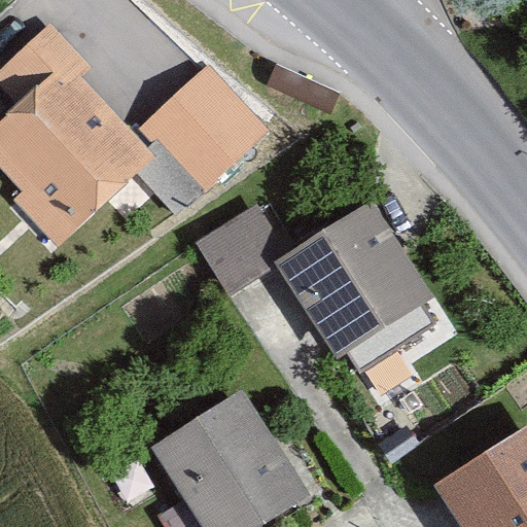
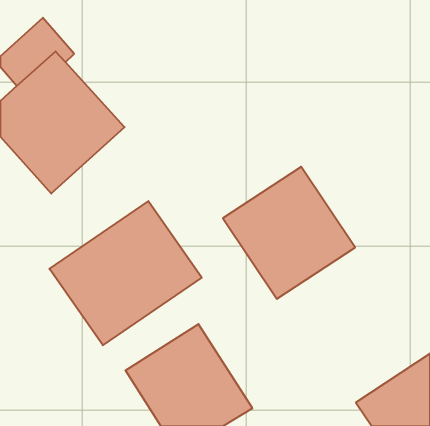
building: [142,60,271,188] -> none
building: [199,203,289,293] -> none
building: none -> [49,201,202,345]

